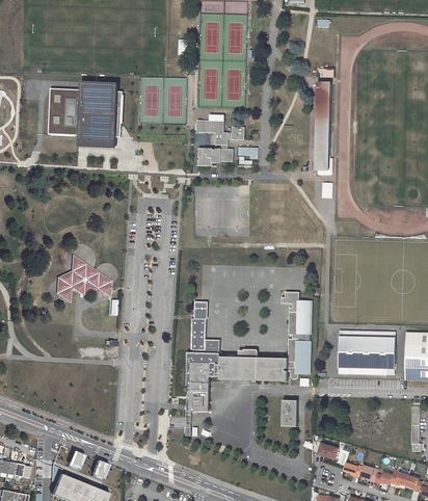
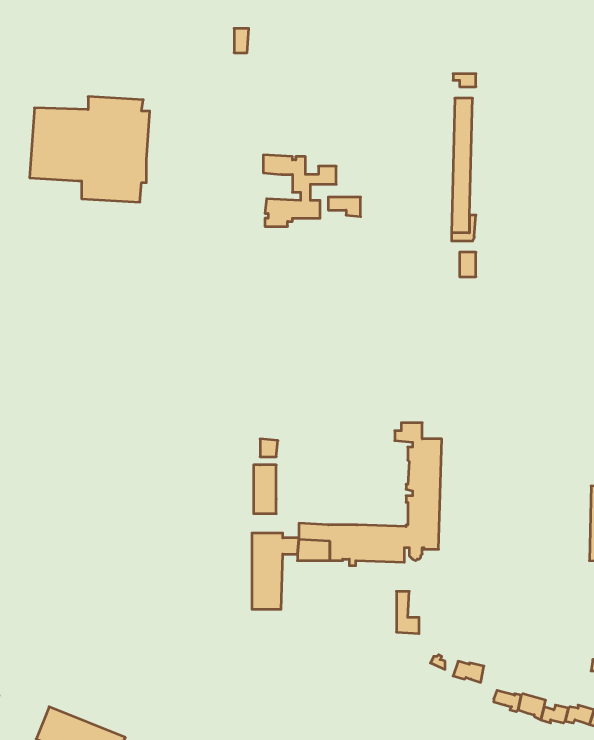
building: [56,257,110,299] -> none
building: [338,329,395,374] -> none
building: [187,340,219,386] -> none

